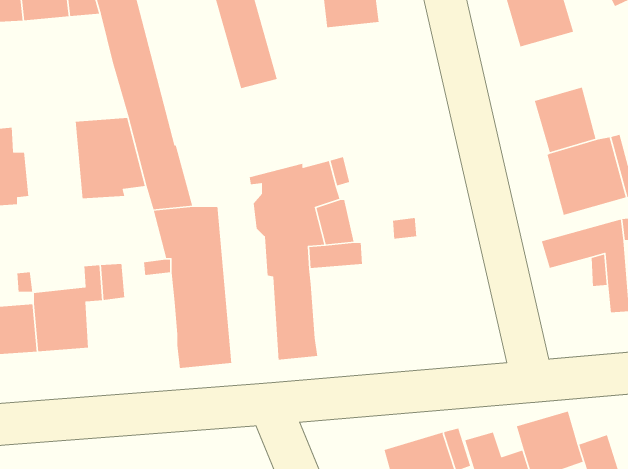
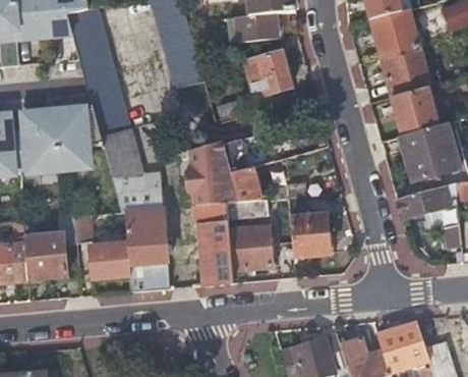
building: none -> [381,46,431,96]
building: none -> [245,50,297,98]
building: none -> [18,111,60,171]
building: none -> [289,216,328,257]
building: none -> [228,227,270,270]
building: none -> [89,244,129,278]

